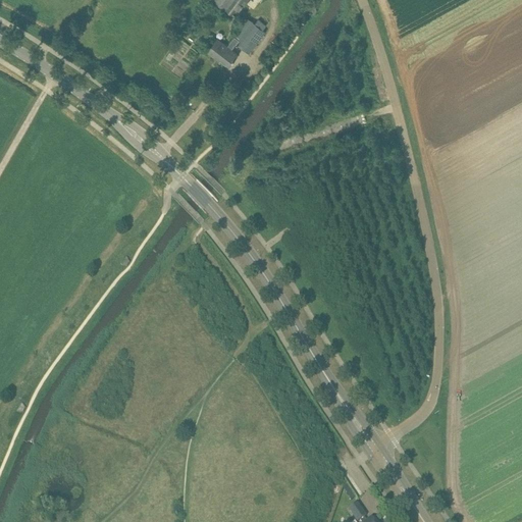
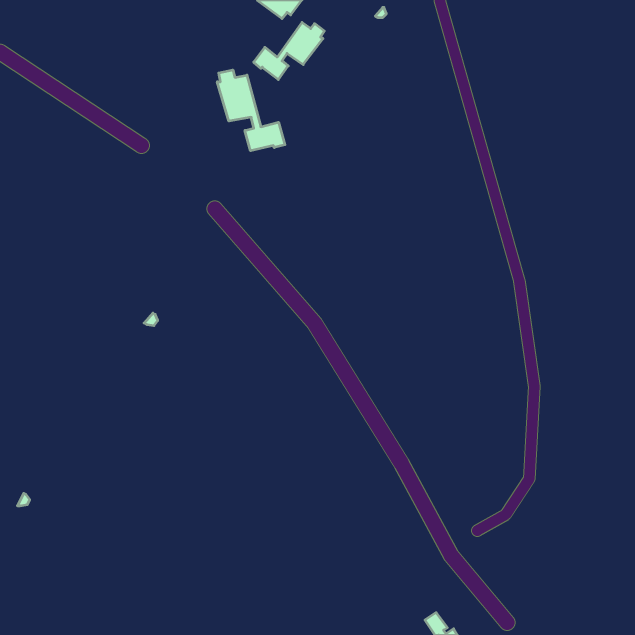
building: none -> [217,70,285,151]

